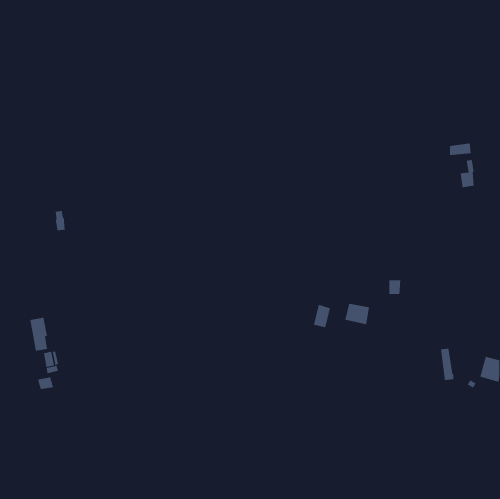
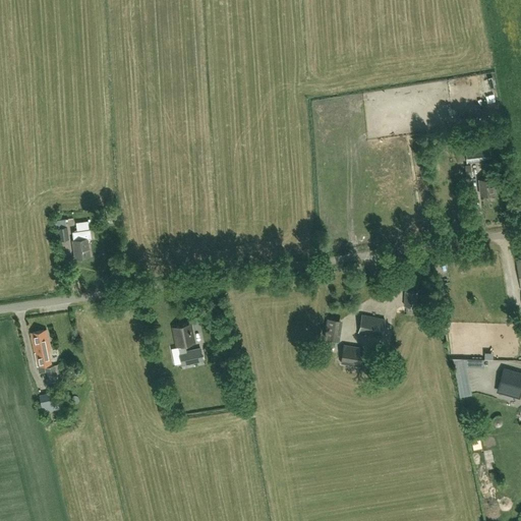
building: none -> [71,230,91,259]
building: none -> [174,325,201,364]
building: none -> [340,346,364,367]

